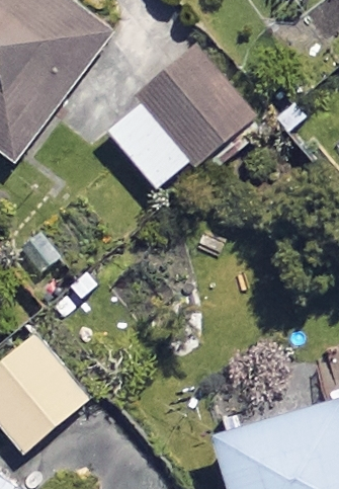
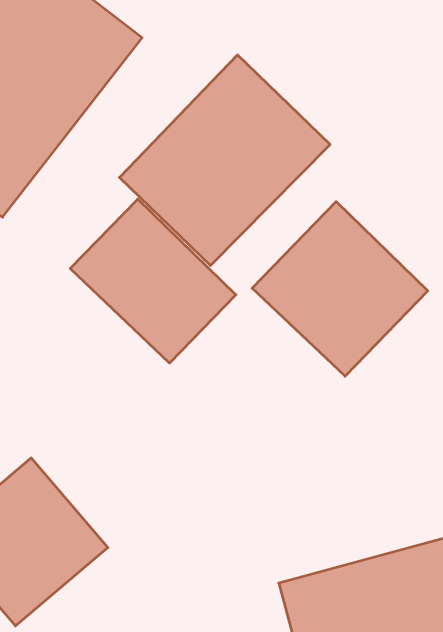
building: none -> [70,199,236,363]
building: none -> [252,202,428,376]

